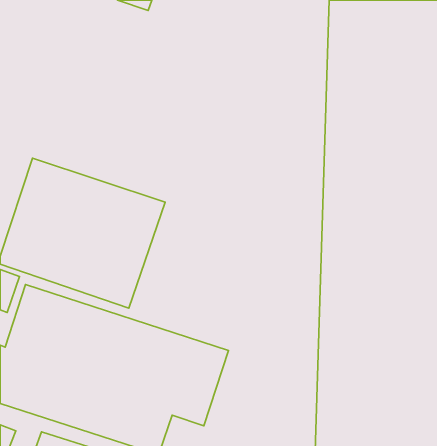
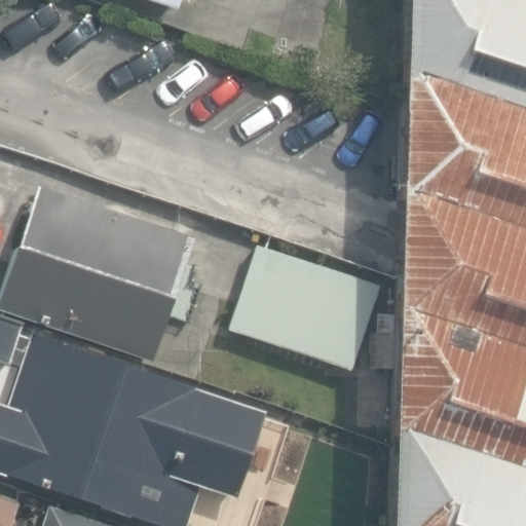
building: none -> [229,247,380,372]

